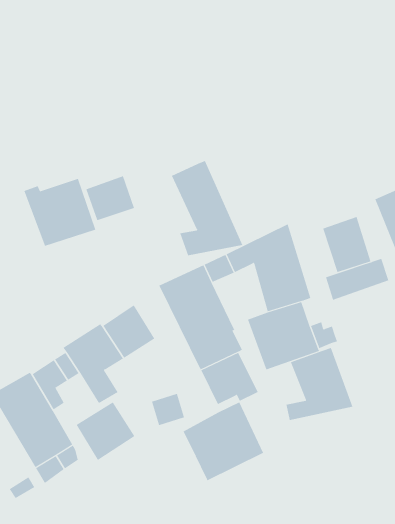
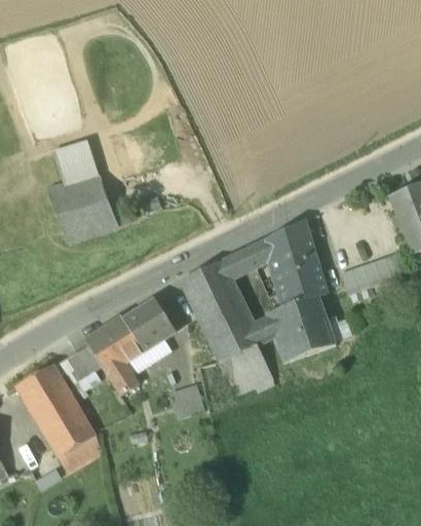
building: [171,160,243,256] -> none
building: [85,176,135,221] -> [52,143,101,187]
building: [322,216,371,273] -> none
building: [286,347,353,421] -> none
building: [76,401,135,461] -> none
building: [183,402,264,481] -> none

